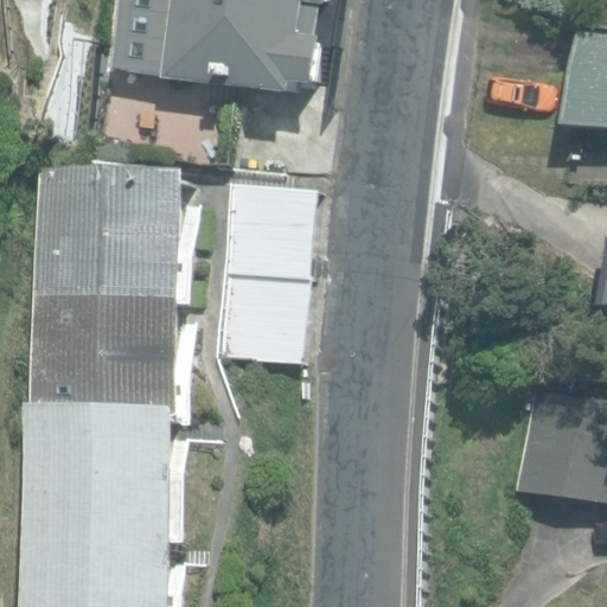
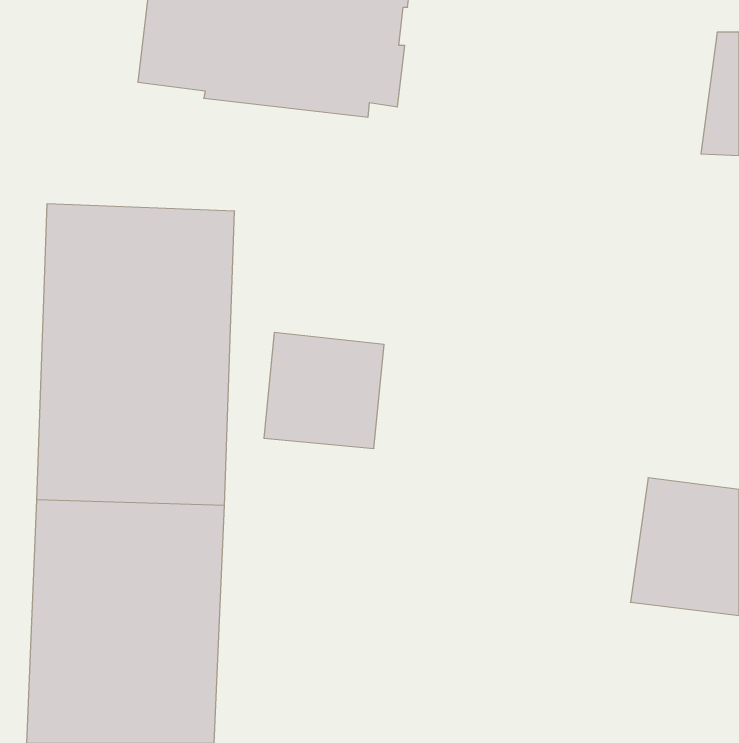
building: [222,180,319,279] -> none

